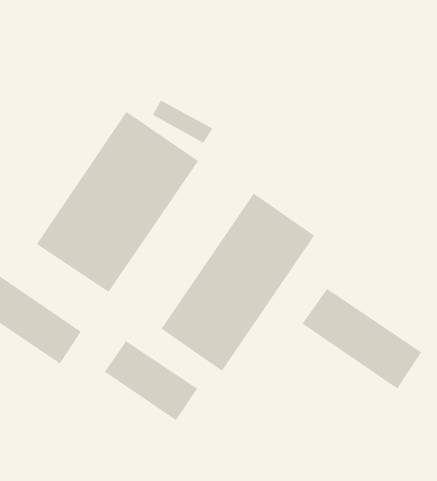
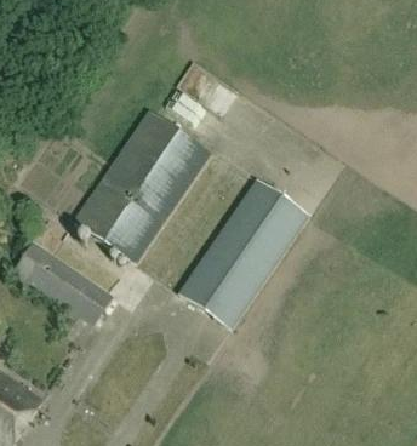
building: [301,288,422,390] -> none
building: [104,340,198,421] -> none

